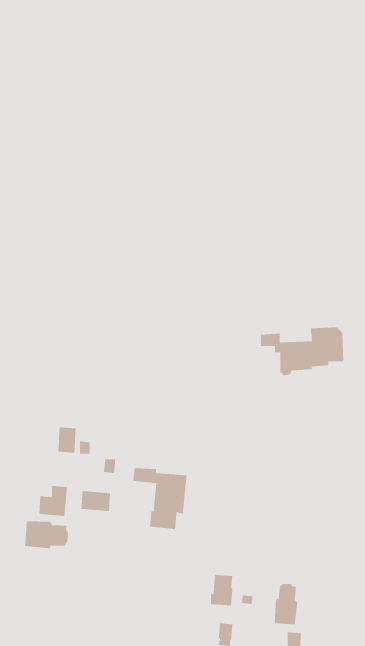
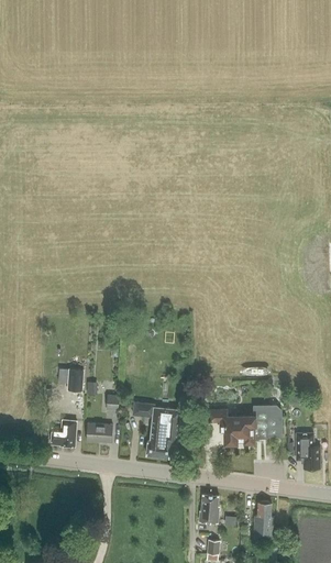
building: [260,327,344,376] -> [207,405,279,448]
building: none -> [294,432,318,468]
building: [24,521,69,549] -> none

